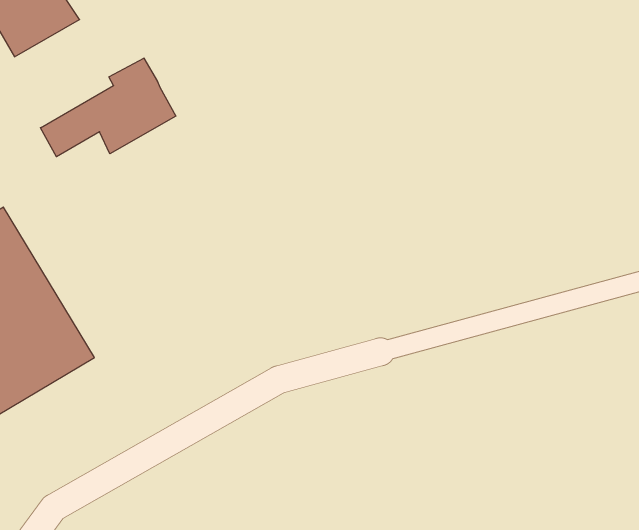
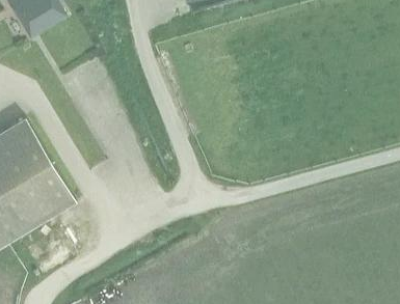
building: [40,58,176,157] -> none

